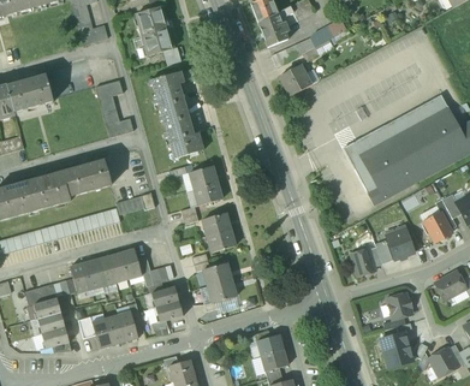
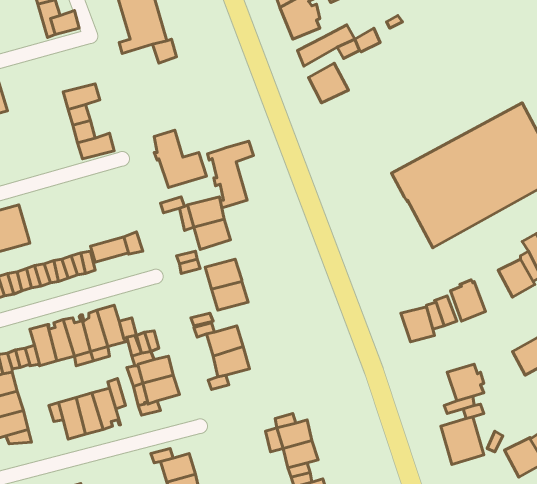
building: [149,70,184,120] -> [207,141,254,208]
building: [61,159,111,195] -> none

